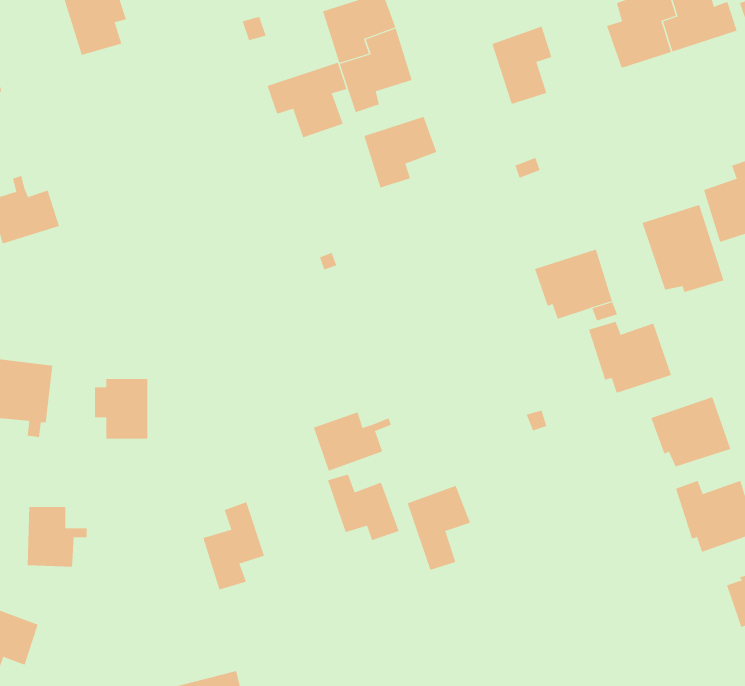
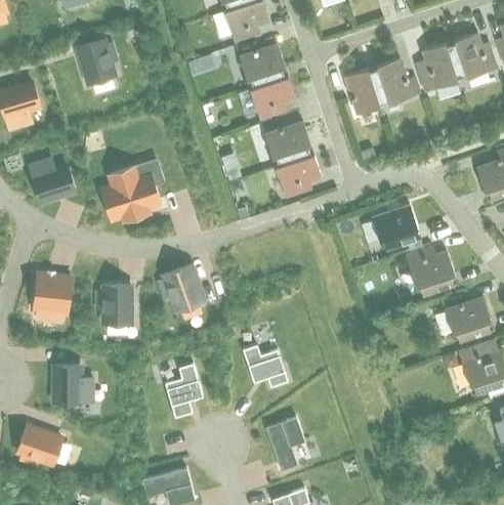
building: none -> [373,57,420,107]
building: [267,62,347,138] -> none
building: none -> [275,143,321,197]
building: none -> [100,166,163,220]
building: [642,204,724,293] -> none
building: none -> [159,265,202,310]
building: [313,412,391,471] -> none
building: [407,485,471,570] -> [265,416,305,469]

